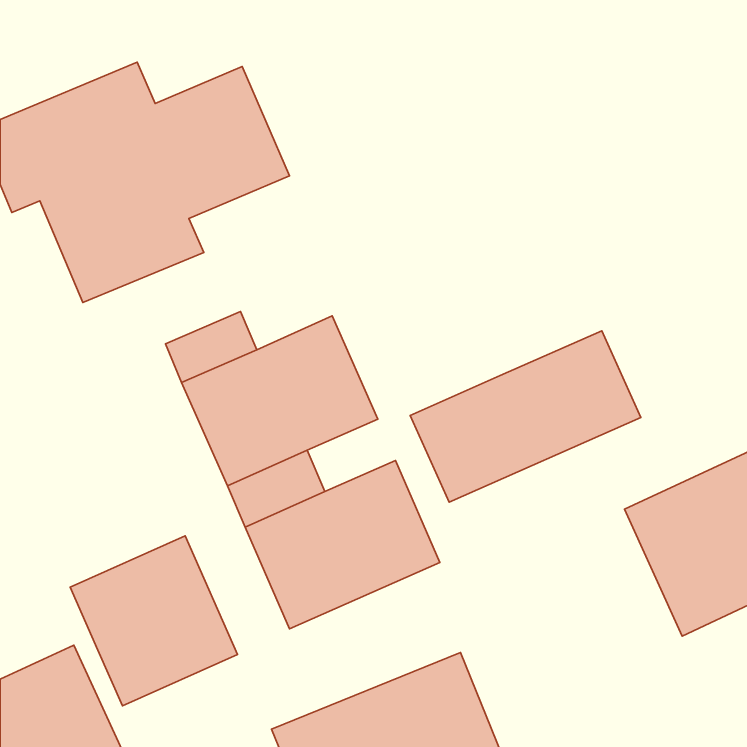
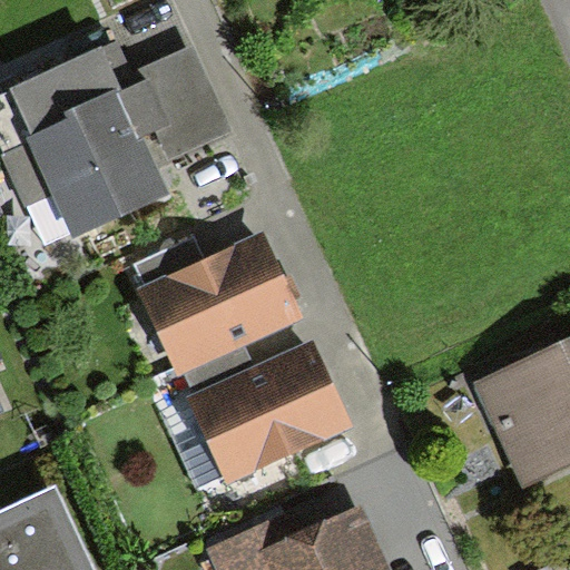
building: [410,331,641,502] -> none
building: [70,536,238,706] -> none

